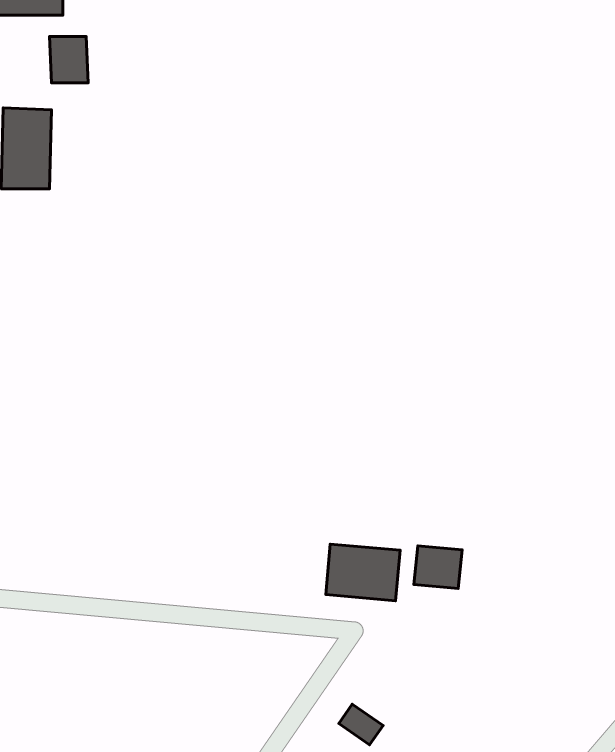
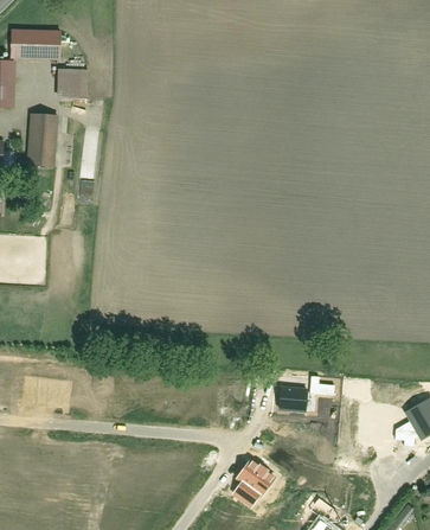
building: [326,544,400,601] -> none
building: none -> [237,456,278,496]

